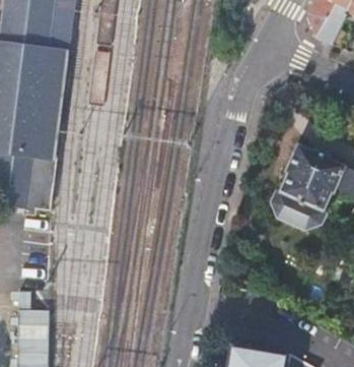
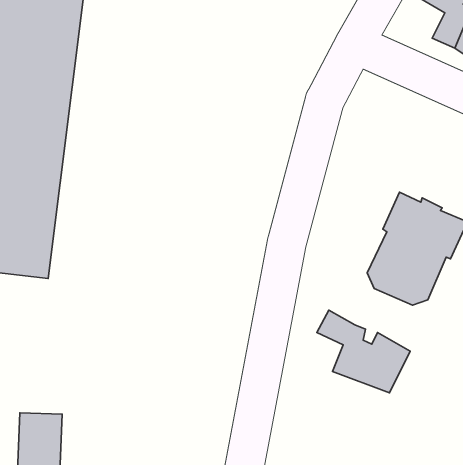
building: none -> [317,310,410,393]

